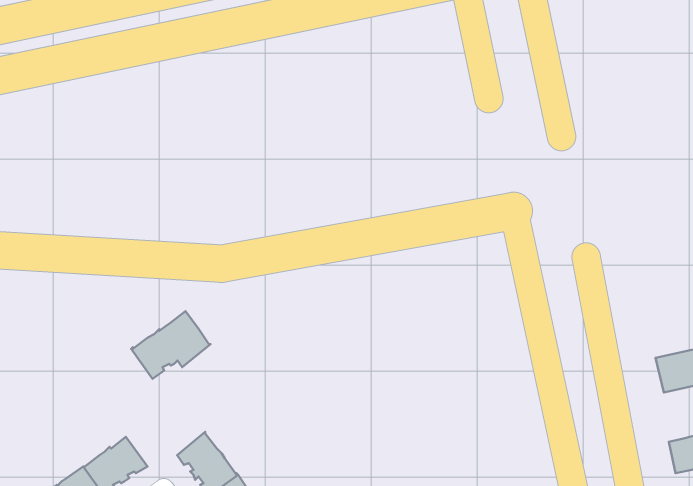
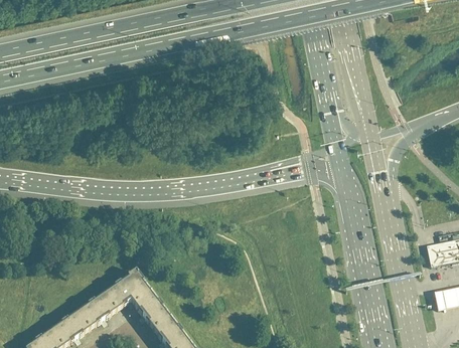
building: [131,311,210,379] -> [103,270,151,311]

